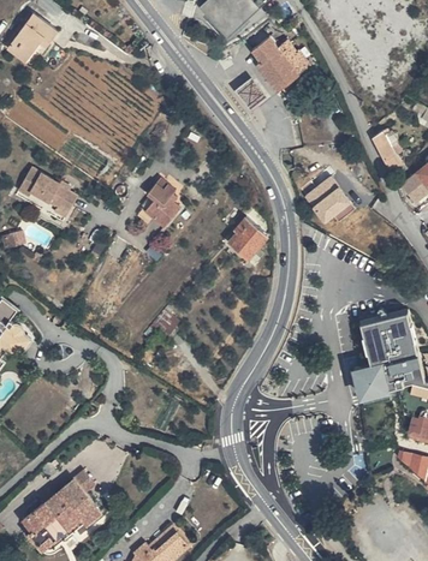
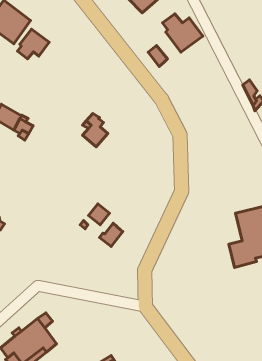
building: none -> [17,29,49,59]
building: [303,177,350,222] -> none
building: [227,213,266,259] -> none
building: none -> [99,223,123,247]

